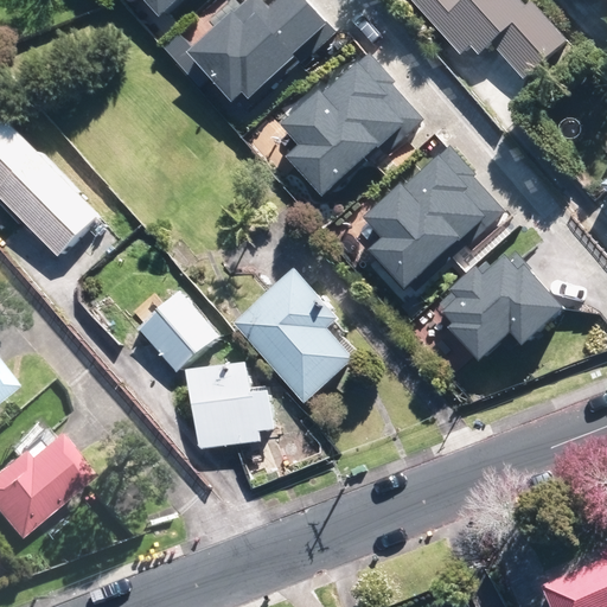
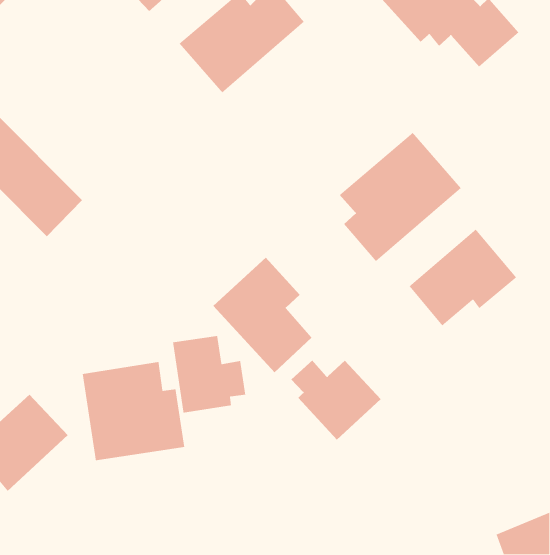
building: [287,51,420,190] -> none
building: [132,298,209,373] -> none
building: none -> [291,360,382,441]
building: none -> [82,361,185,461]

